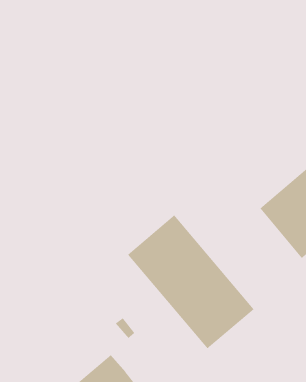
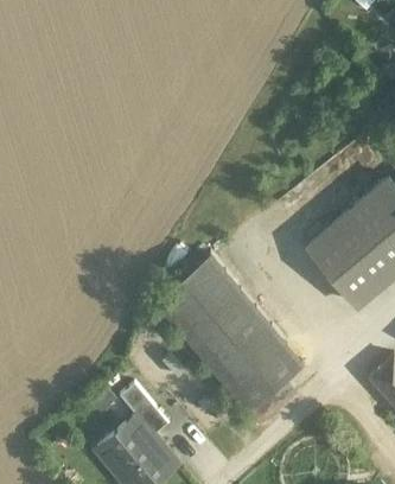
building: none -> [119,384,167,437]

